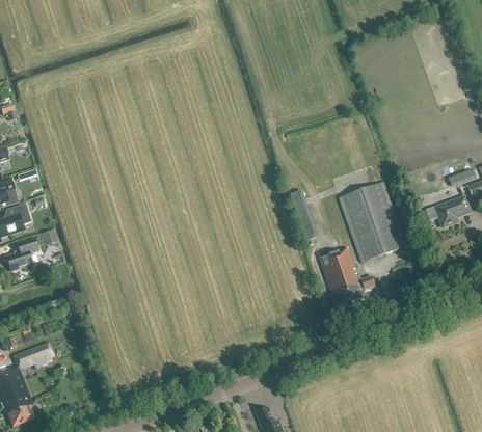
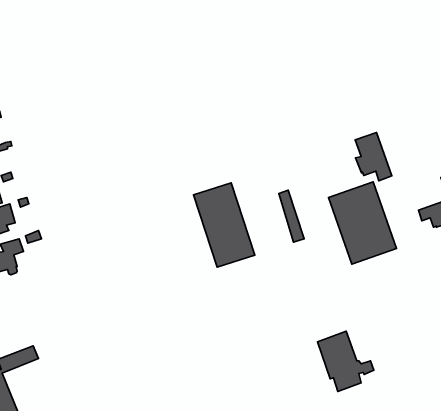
building: none -> [355,133,392,181]
building: none -> [194,183,255,267]
building: [318,246,373,305] -> [318,331,374,391]

